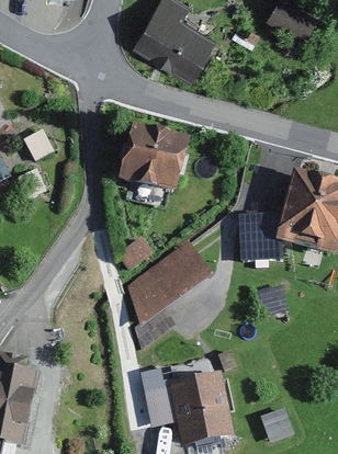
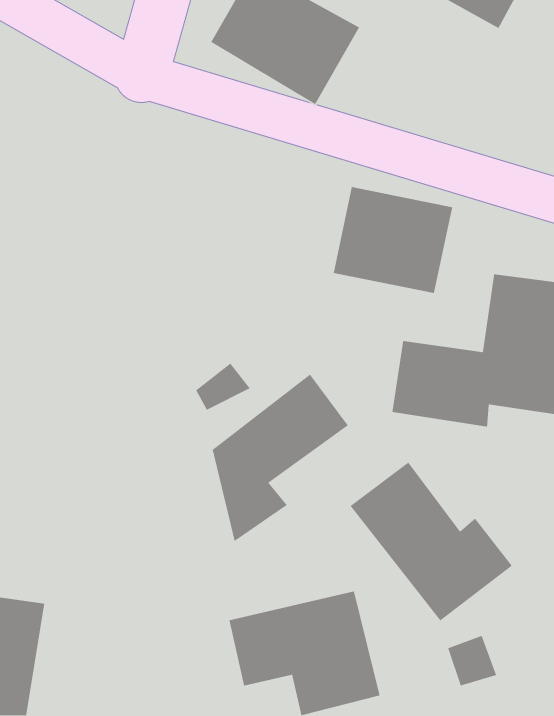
building: [113,135,184,198] -> [333,186,453,294]
building: none -> [350,462,513,621]

